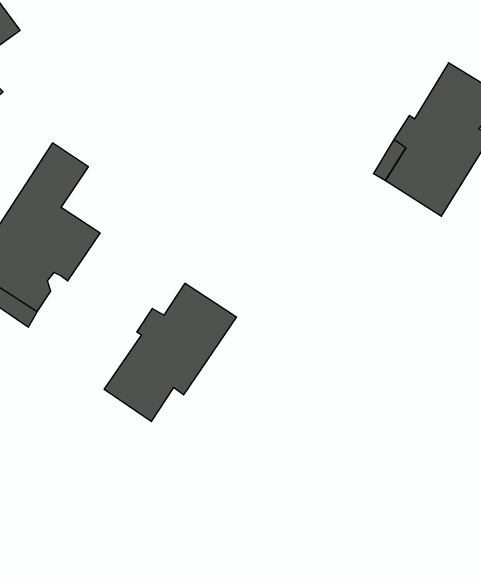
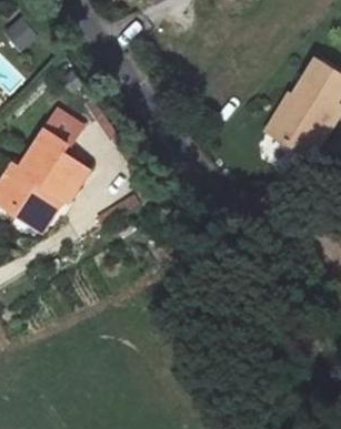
building: [104,283,237,422] -> none

